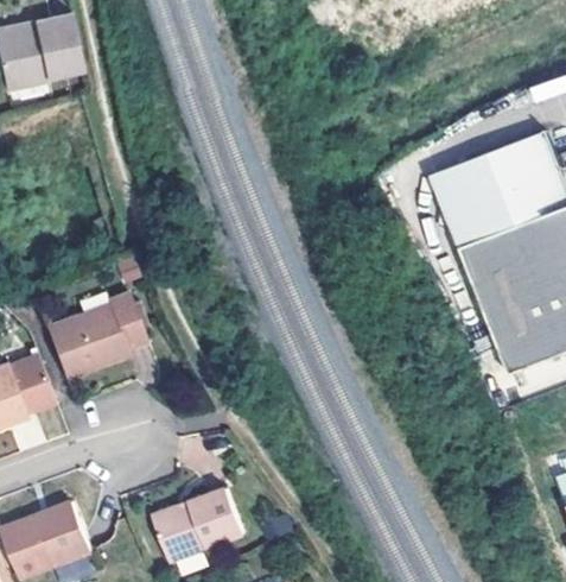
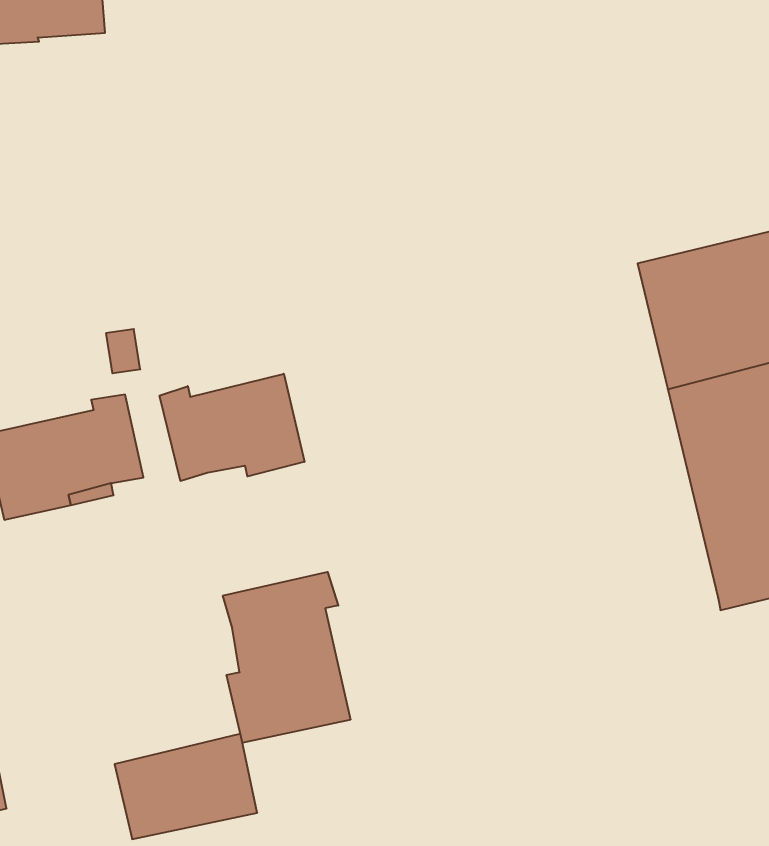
building: none -> [160,374,304,481]
building: none -> [223,572,350,743]

